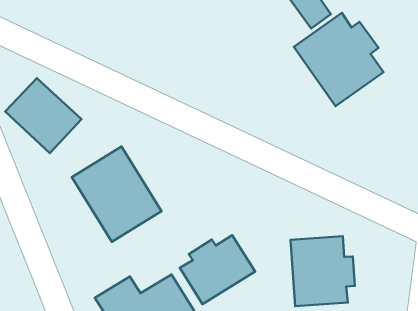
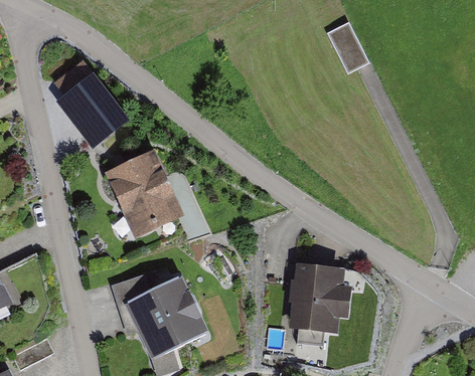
building: [294,13,384,106] -> none
building: [180,235,255,304] -> none

